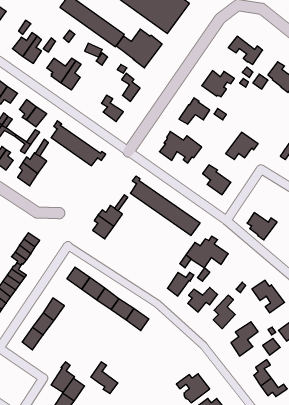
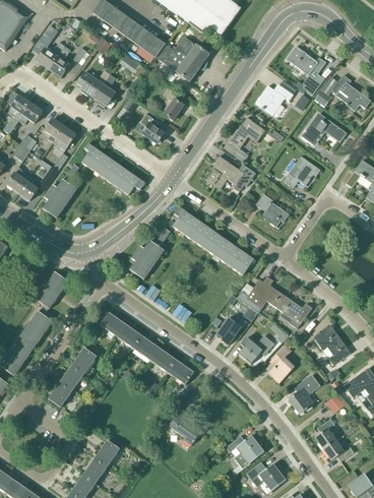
building: none -> [302,113,347,143]
building: [247,213,277,240] -> [277,296,312,327]
building: [51,362,74,393] -> none
building: [91,362,118,394] -> [169,408,200,444]

